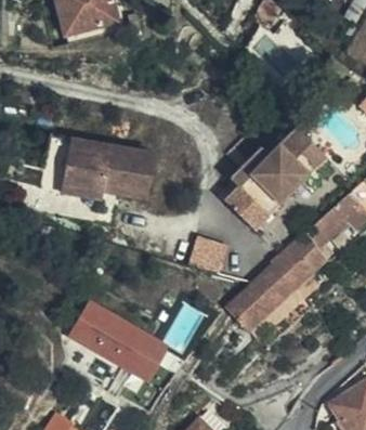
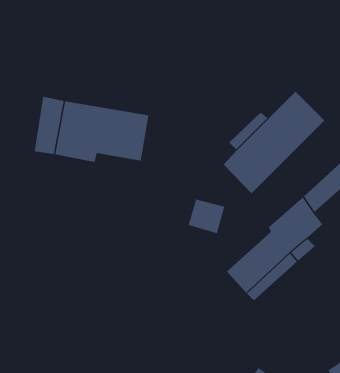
building: [68,300,165,380] -> none

